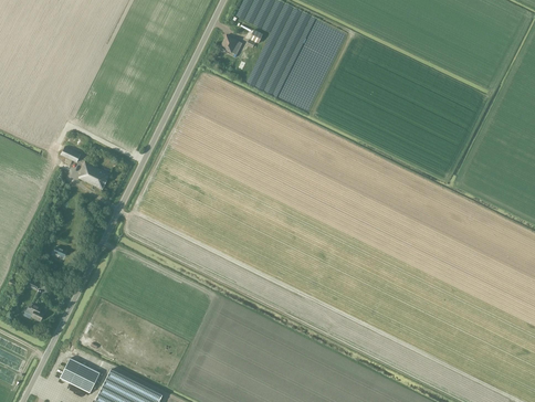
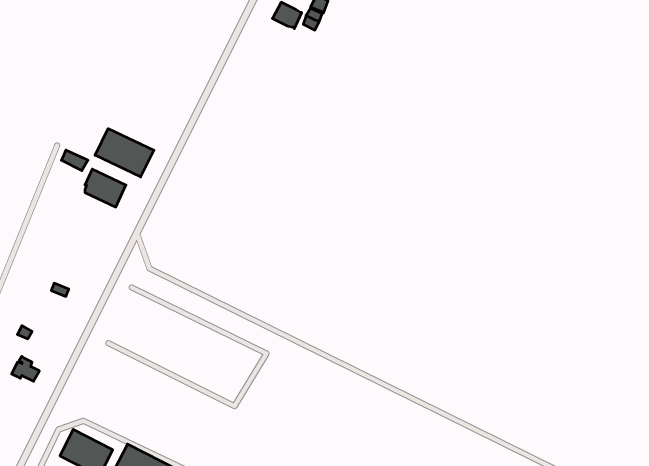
building: none -> [95,129,154,177]

